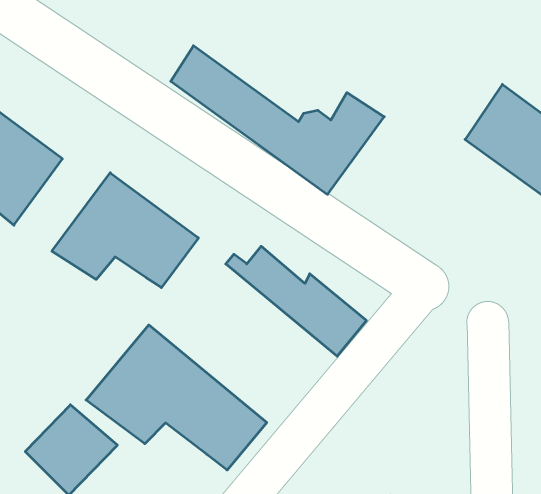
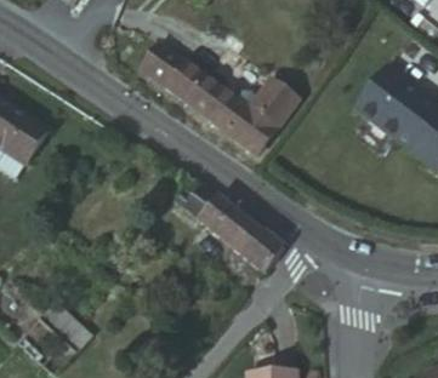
building: [52,173,198,288] -> none
building: [86,325,267,470] -> none

